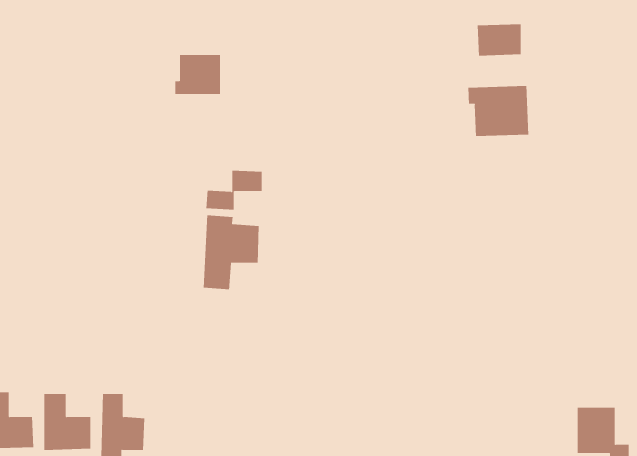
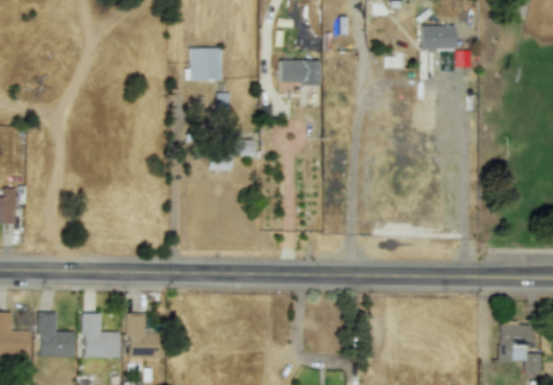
building: none -> [280,59,320,83]
building: [468,85,529,137] -> none
building: [203,215,259,290] -> none

